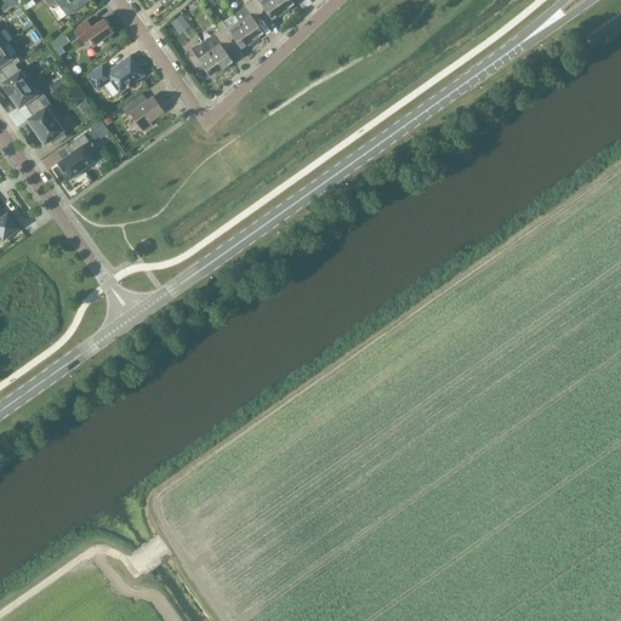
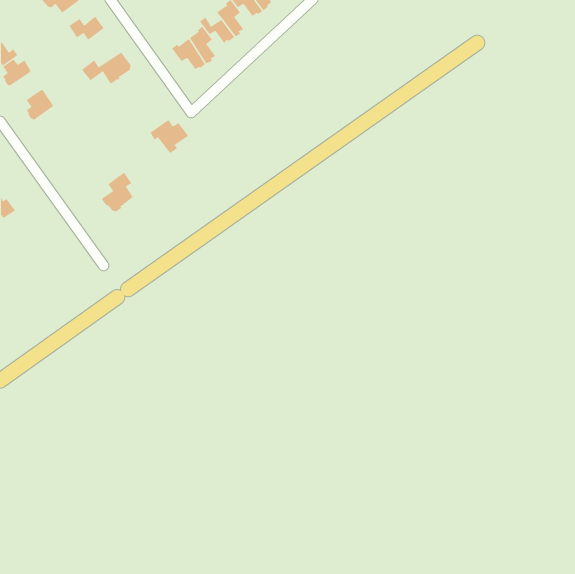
building: [10,78,46,108] -> none
building: [121,92,164,130] -> [150,119,189,154]
building: [36,114,67,144] -> none
building: [58,132,93,176] -> [101,172,133,212]

